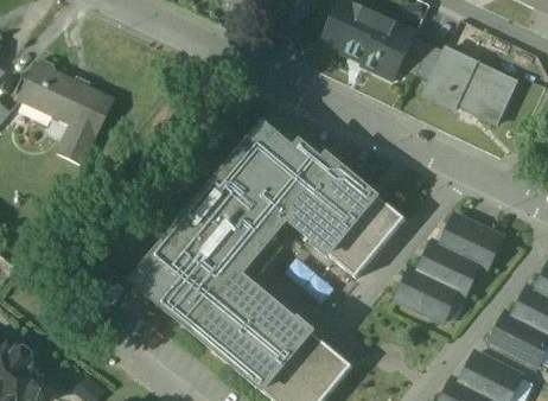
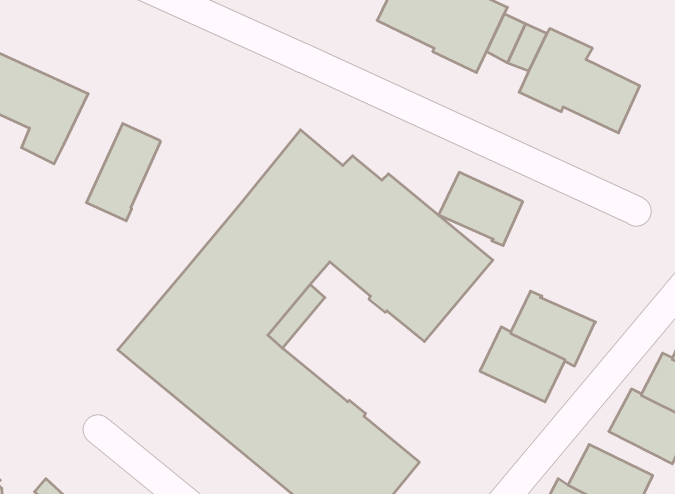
building: none -> [86,123,160,221]
building: [440,214,502,267] -> [438,172,523,246]

